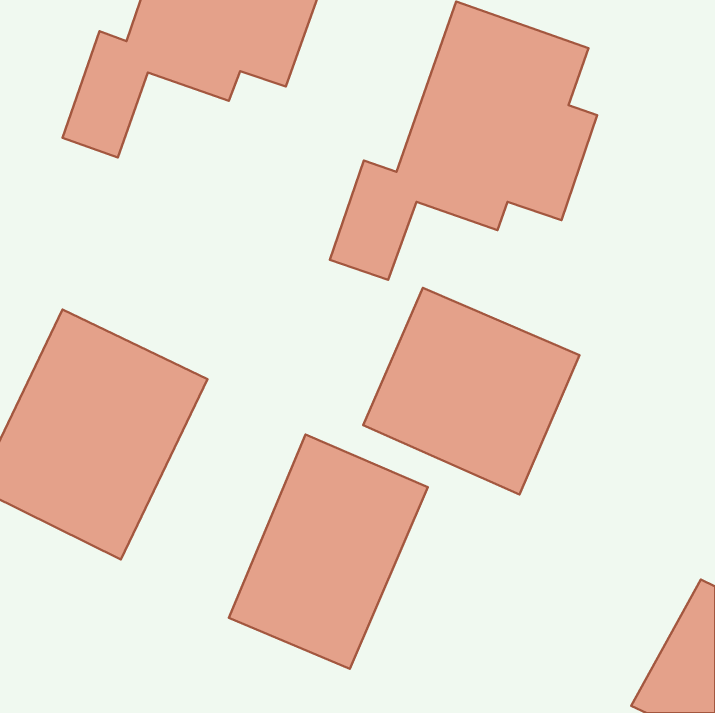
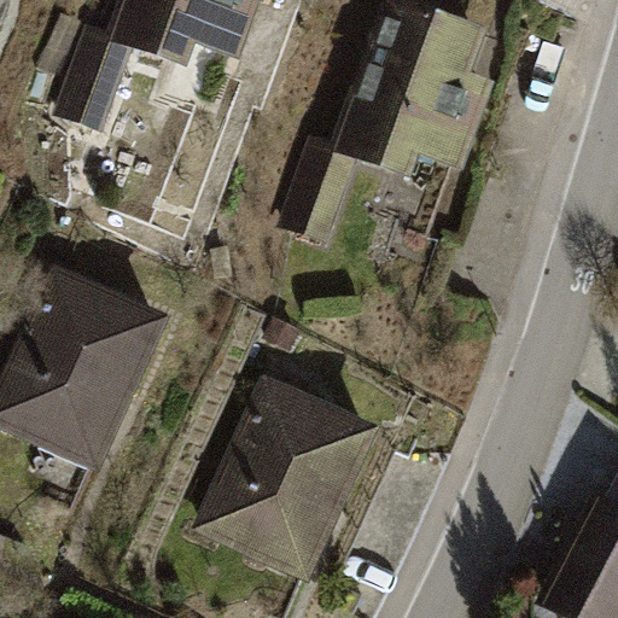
building: [363,288,579,495] -> none

